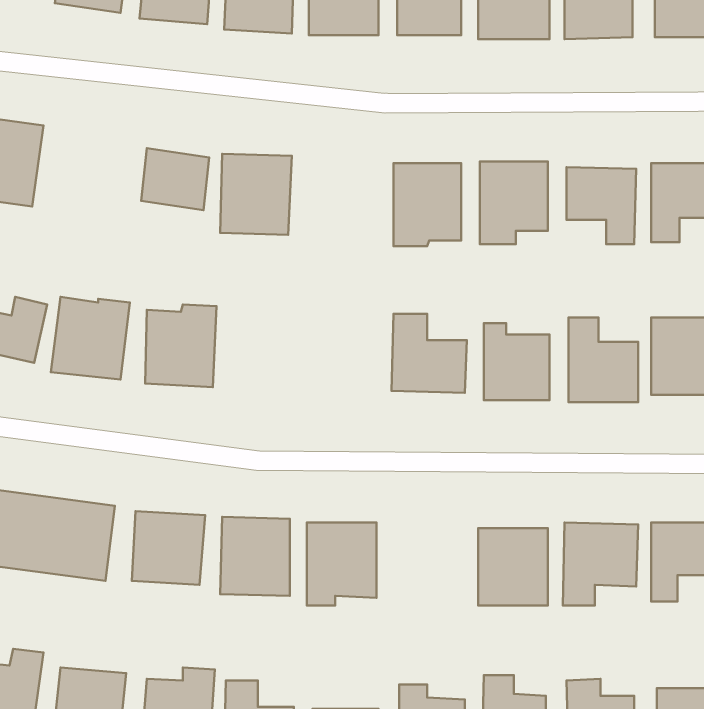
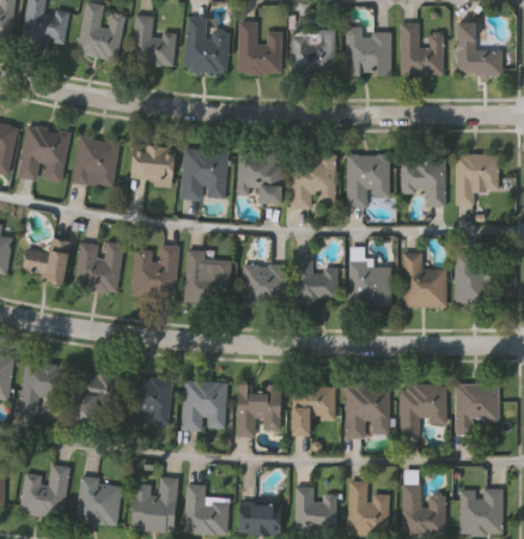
building: none -> [73,135,120,188]
building: none -> [237,153,282,202]
building: none -> [184,249,231,303]
building: none -> [242,264,286,304]
building: none -> [293,386,342,435]

